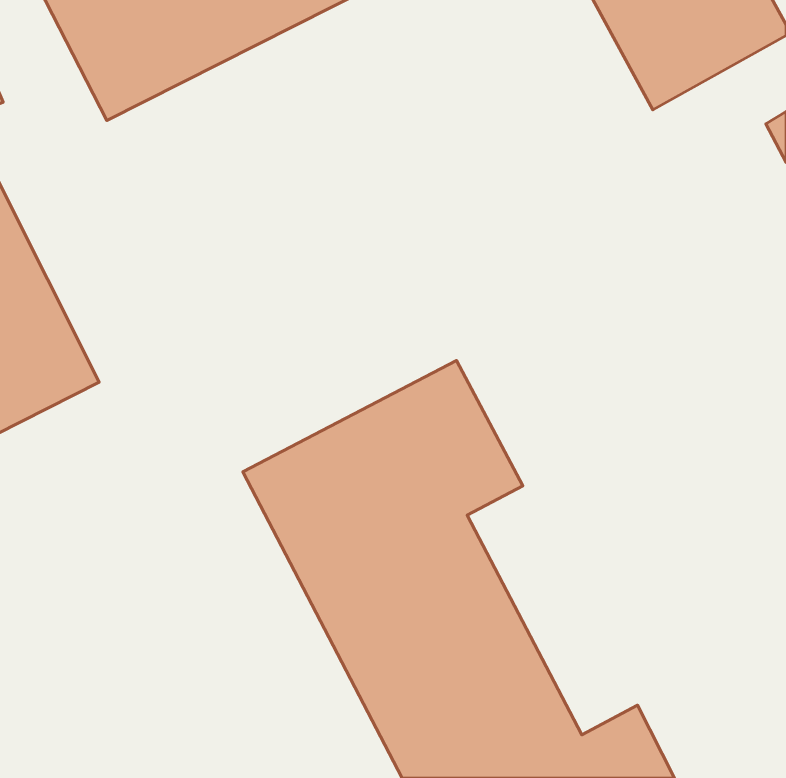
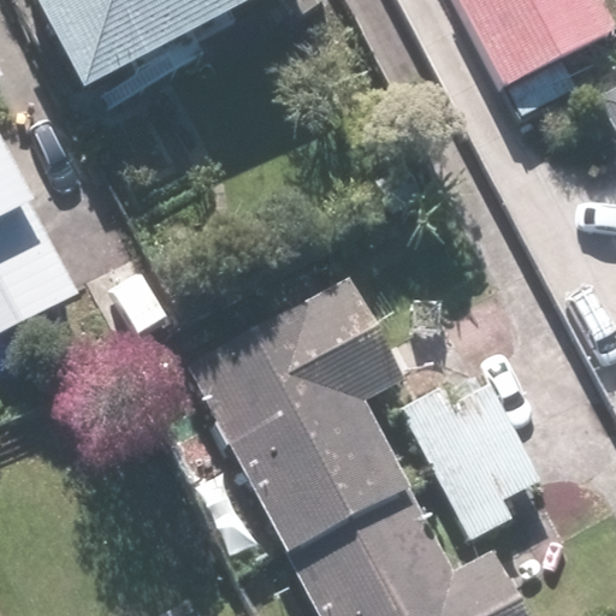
building: none -> [395,384,540,540]

